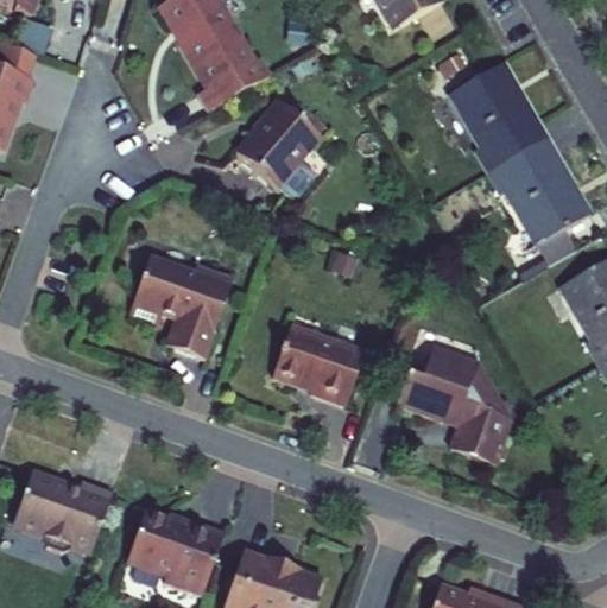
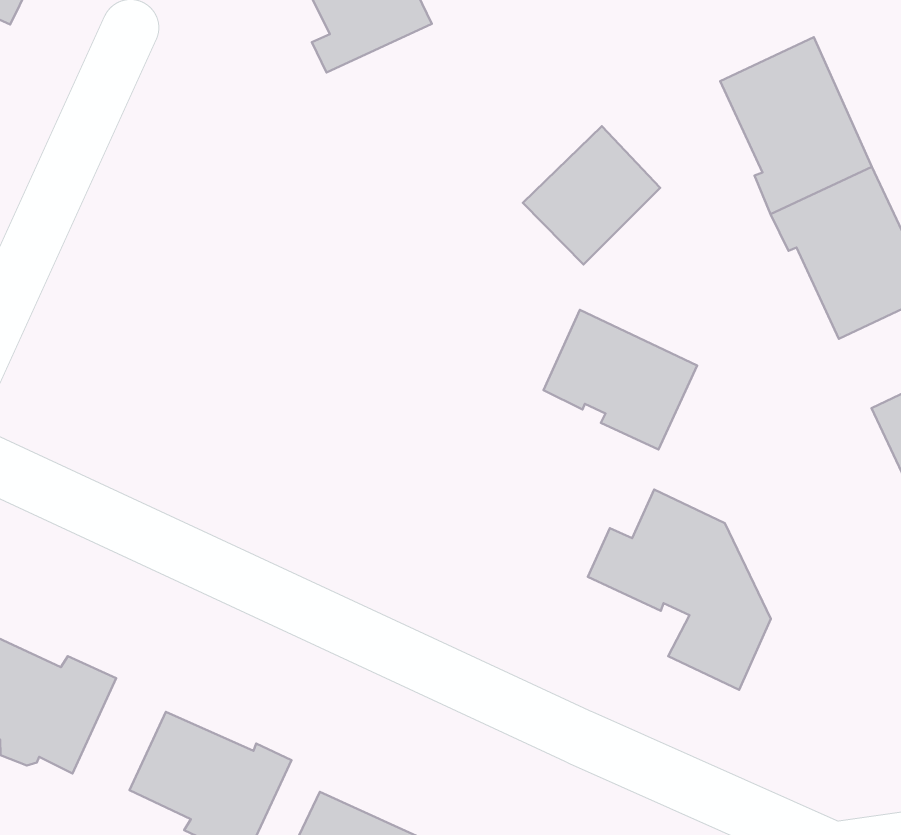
building: [235,101,318,186] -> [523,126,660,265]
building: [129,255,233,359] -> none
building: [272,324,365,405] -> [543,310,697,449]

